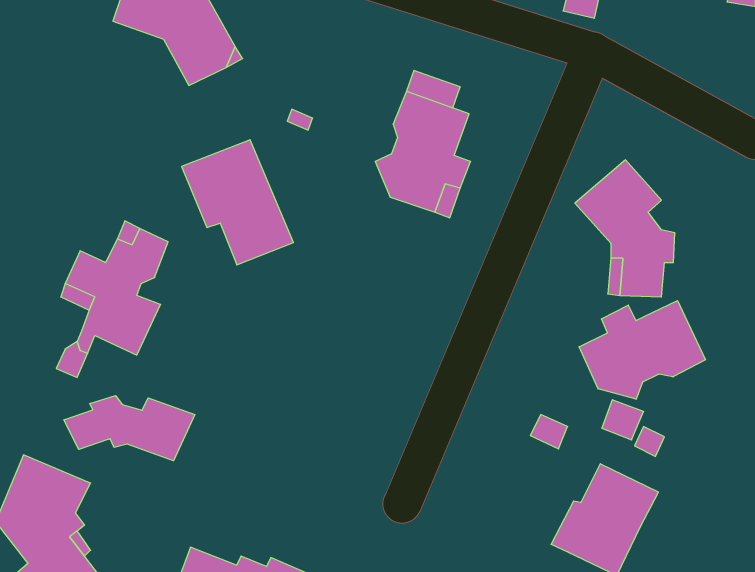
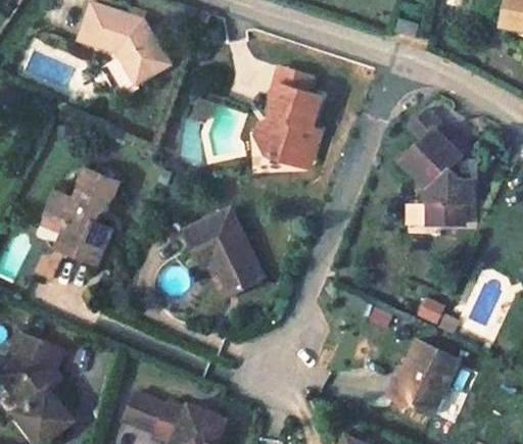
building: [182,140,293,265] -> [182,209,258,295]
building: [579,301,706,399] -> none
building: [64,396,195,461] -> none

